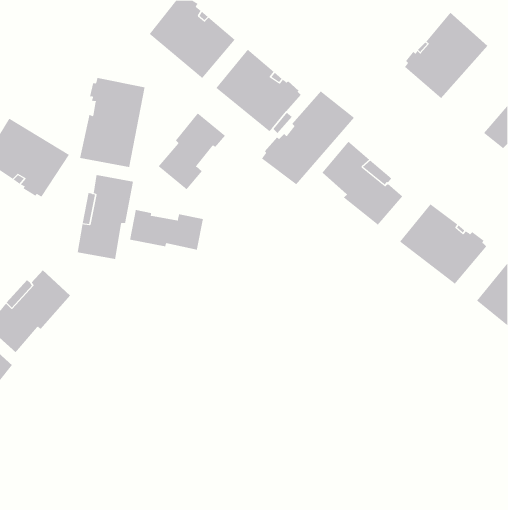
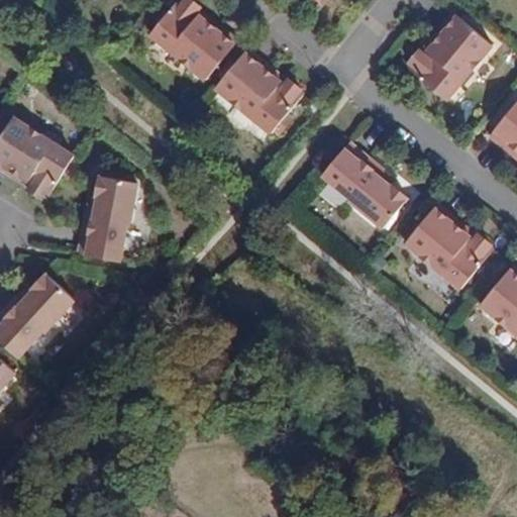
building: [80,77,145,168] -> none
building: [261,91,355,185] -> none
building: [158,113,226,190] -> none
building: [129,209,204,250] -> none

